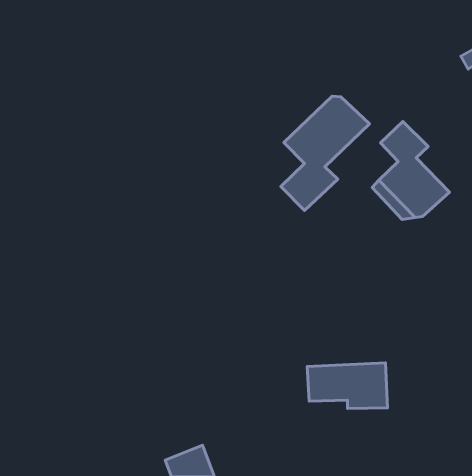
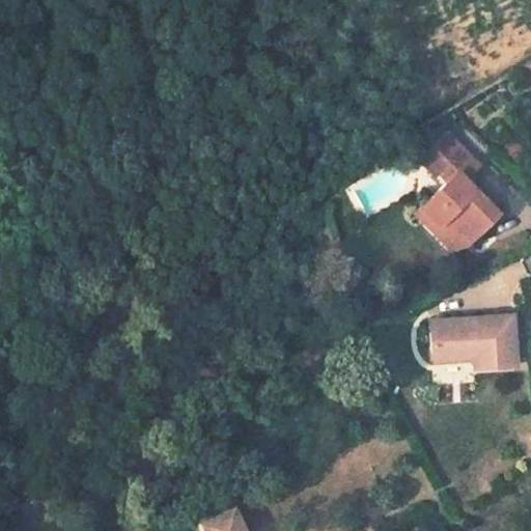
building: [281,96,370,211] -> none
building: [307,363,387,409] -> [428,318,518,369]

